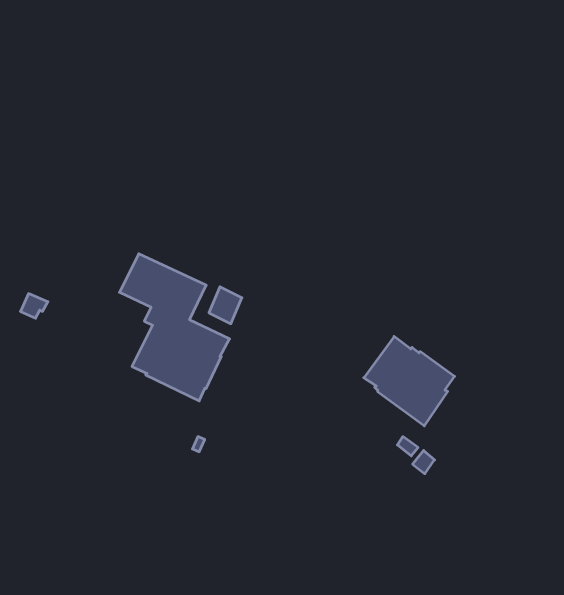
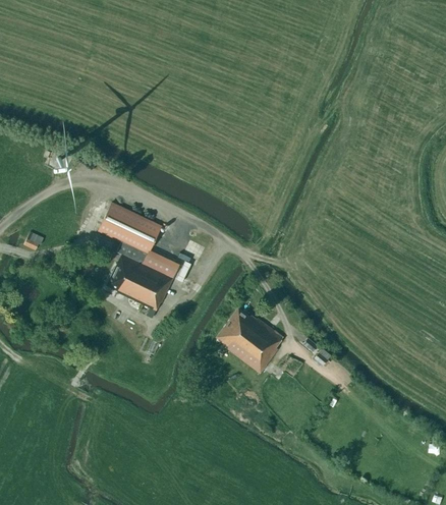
building: [364,336,455,426] -> [216,306,283,373]

